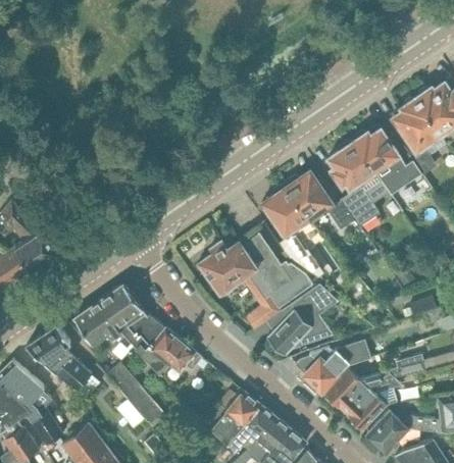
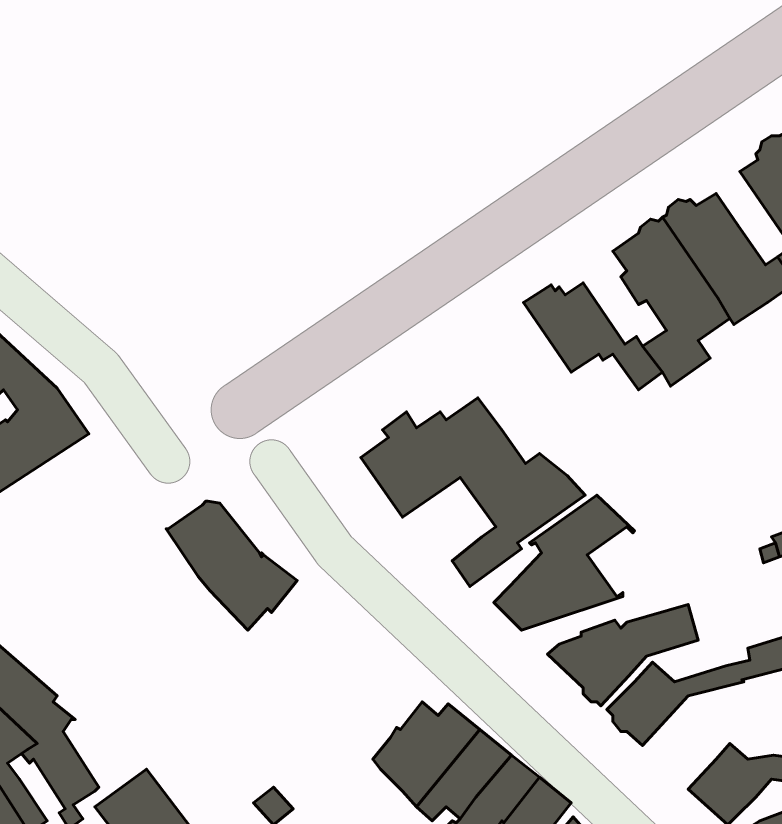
building: [264,185,322,277] -> none
building: [73,301,120,344] -> none
building: [26,324,91,391] -> none
building: [140,327,201,376] -> none
building: [106,362,166,427] -> none
building: [343,379,401,430] -> none

